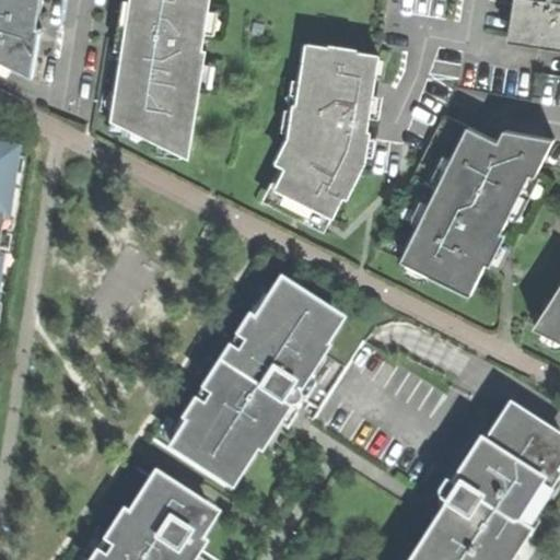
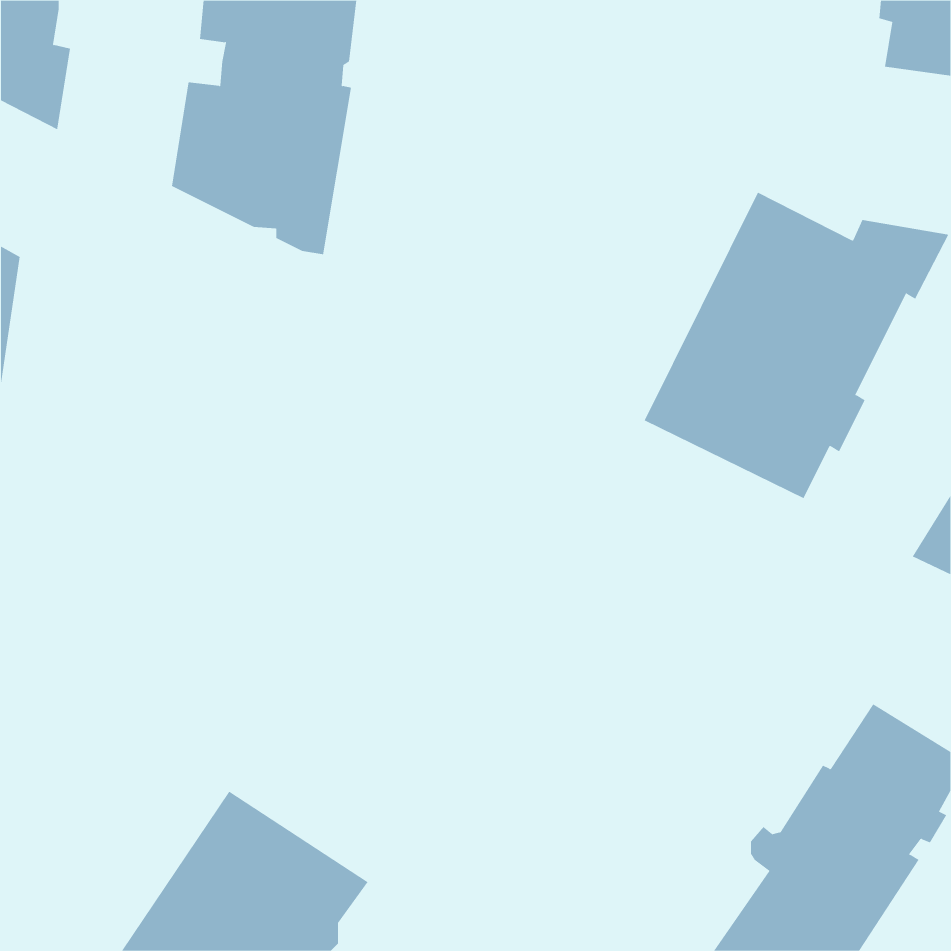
building: [269,45,381,224] -> none
building: [152,271,349,488] -> none

